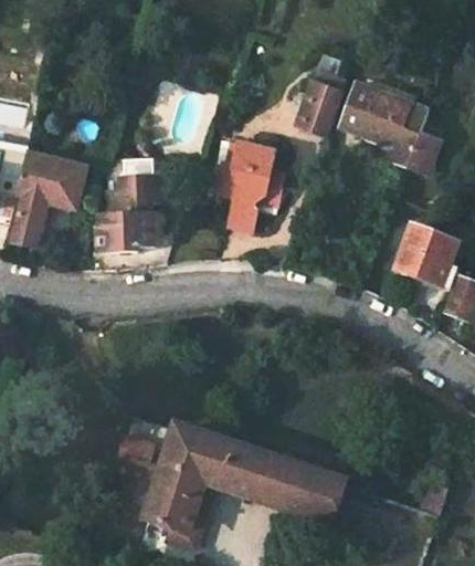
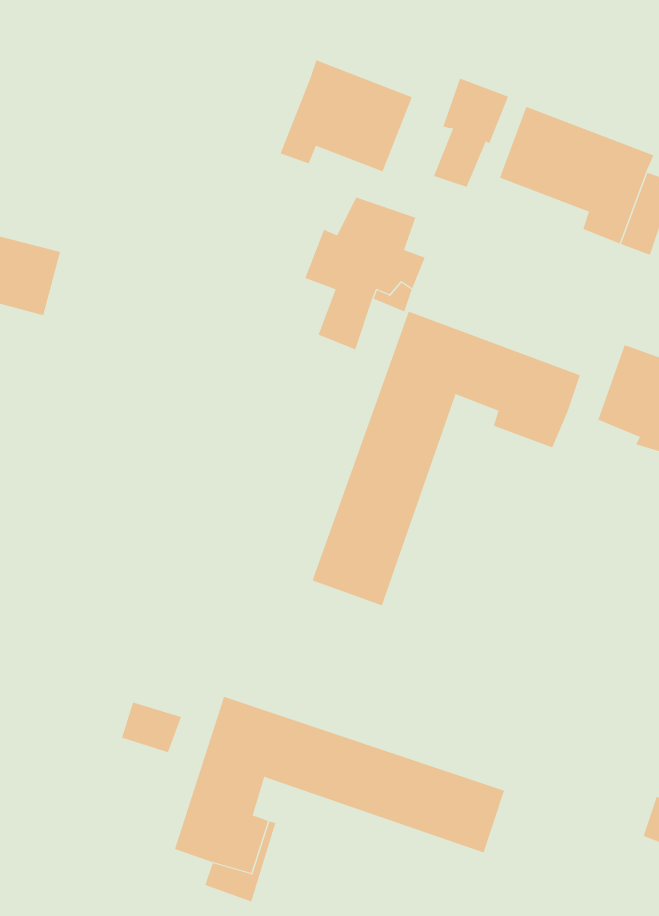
building: none -> [280,60,413,172]
building: [94,175,159,254] -> none
building: none -> [312,311,581,606]

